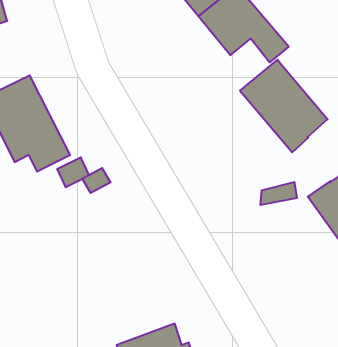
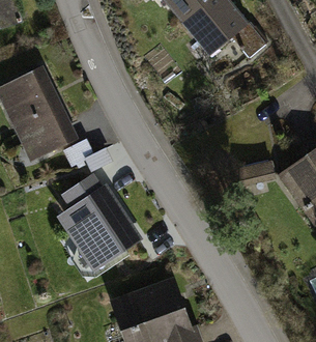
building: [240,60,328,152] -> none
building: none -> [64,177,138,264]

